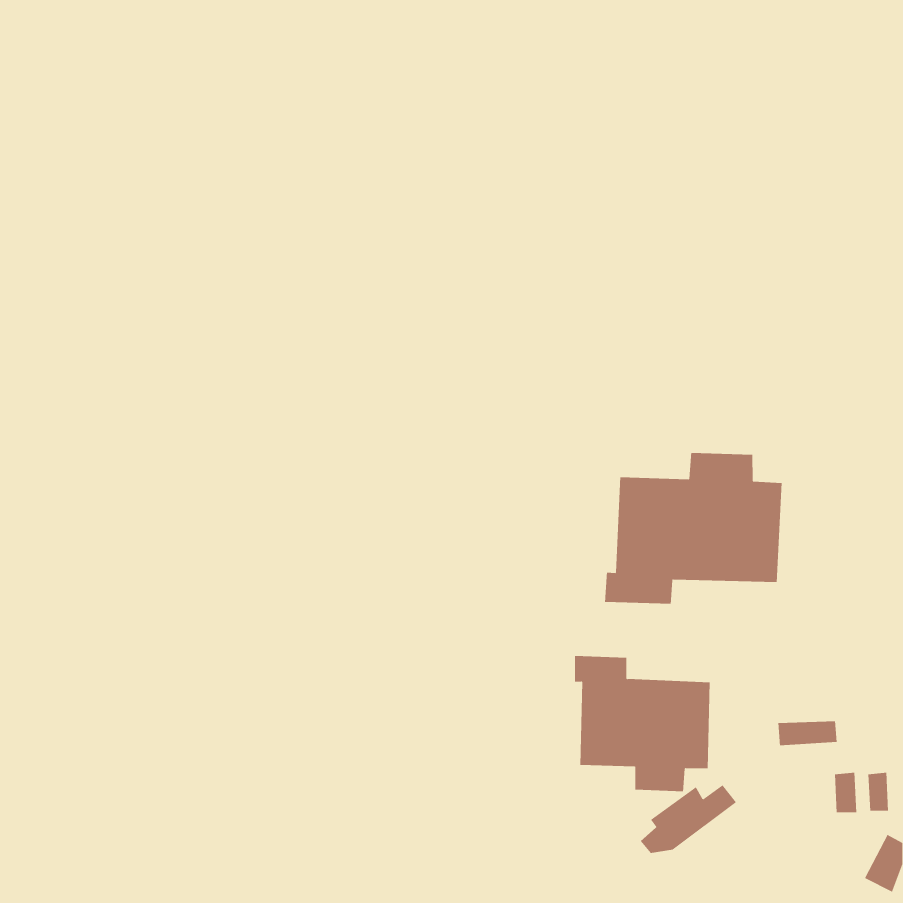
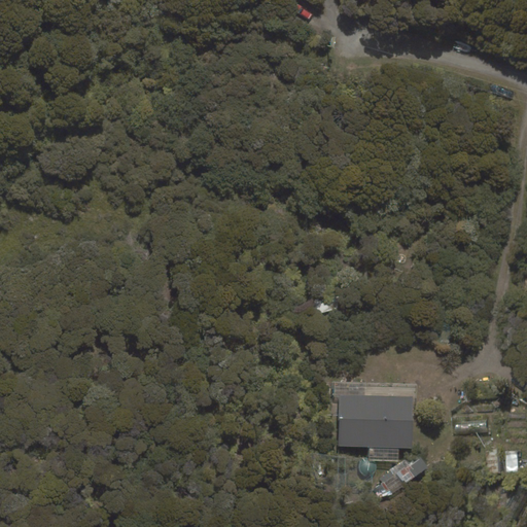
building: [604,452,782,605] -> none

